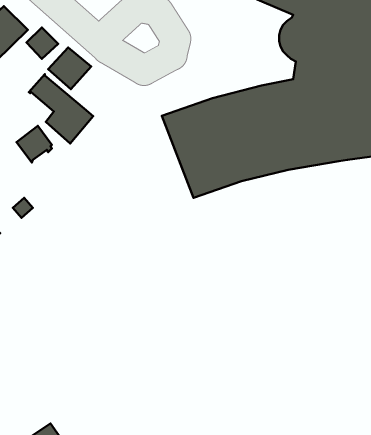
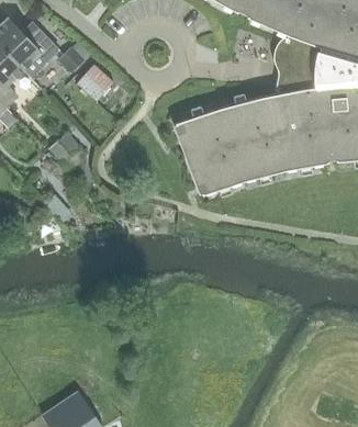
building: [29,74,93,144] -> none

